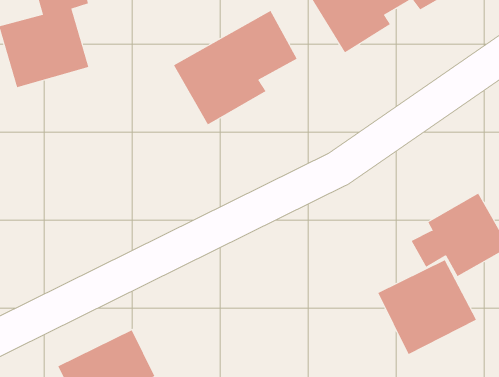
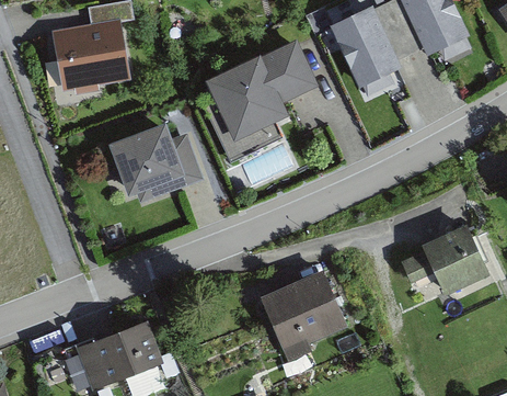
building: none -> [107,127,206,207]
building: [378,259,477,355] -> [261,272,347,354]

